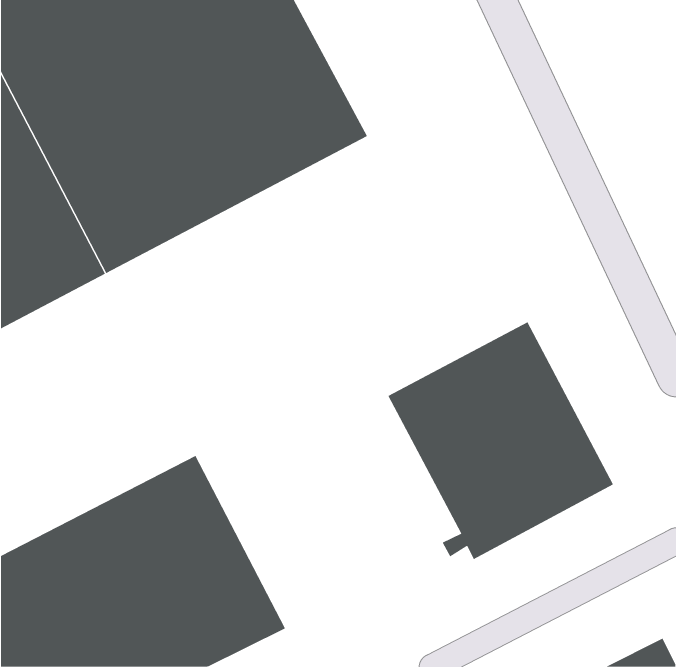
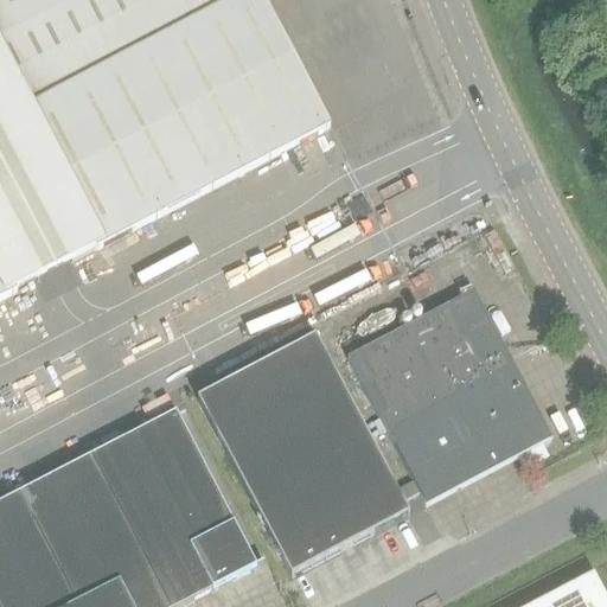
building: none -> [197,334,409,573]

